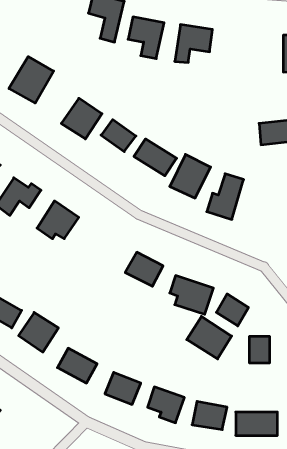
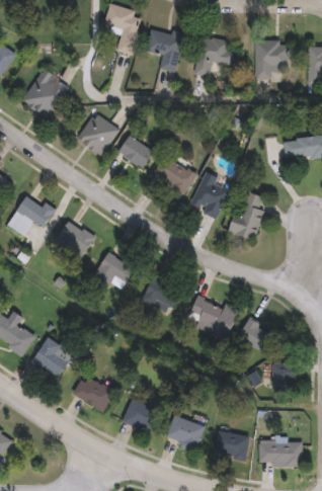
building: none -> [254,40,288,78]
building: none -> [92,251,134,293]
building: [187,316,232,359] -> none

